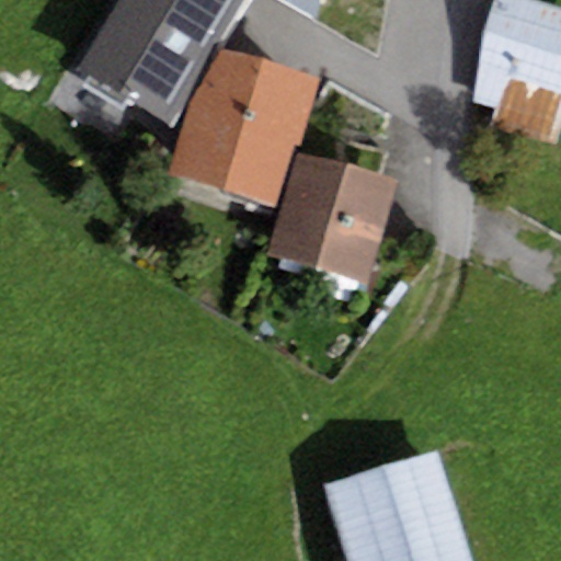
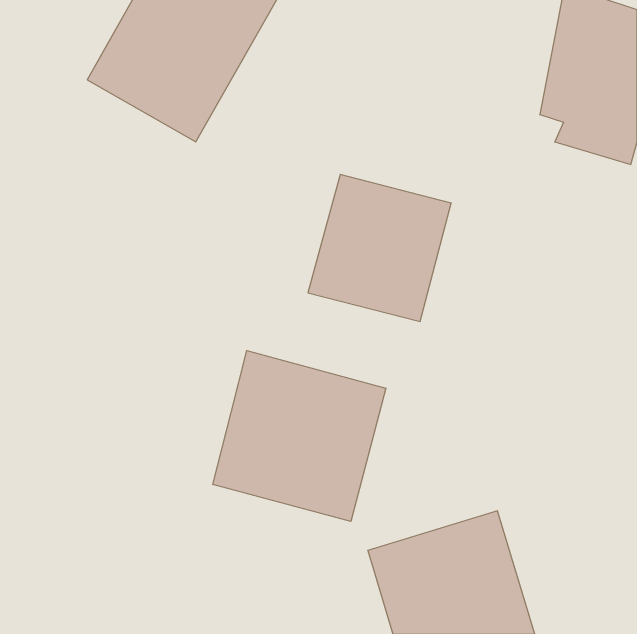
building: [169,50,319,209] -> none
building: none -> [213,351,386,521]

